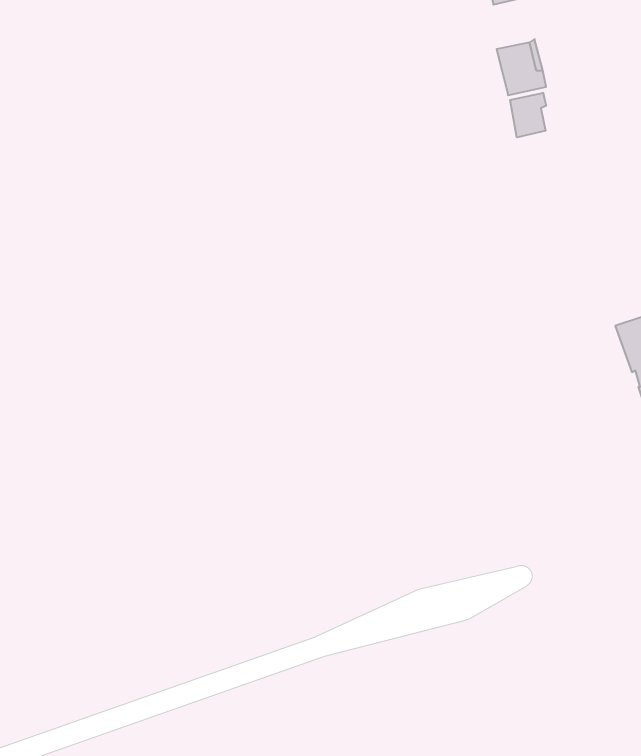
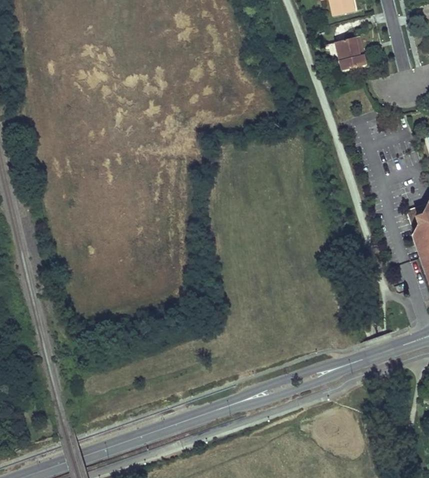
building: [510,93,546,137] -> none

